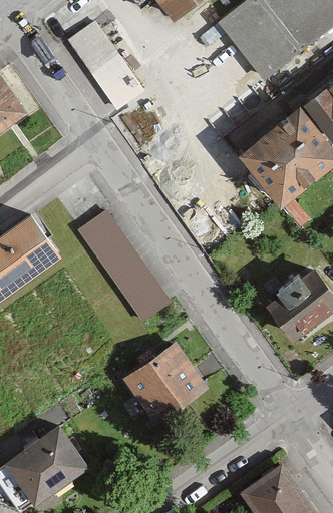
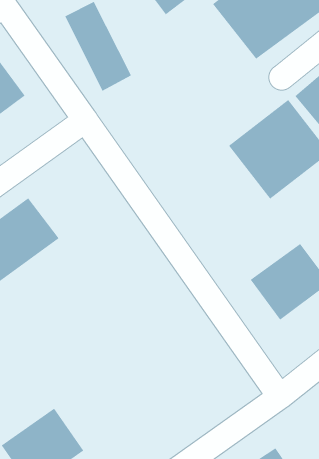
building: [75,203,168,316] -> none
building: [122,343,207,425] -> none

